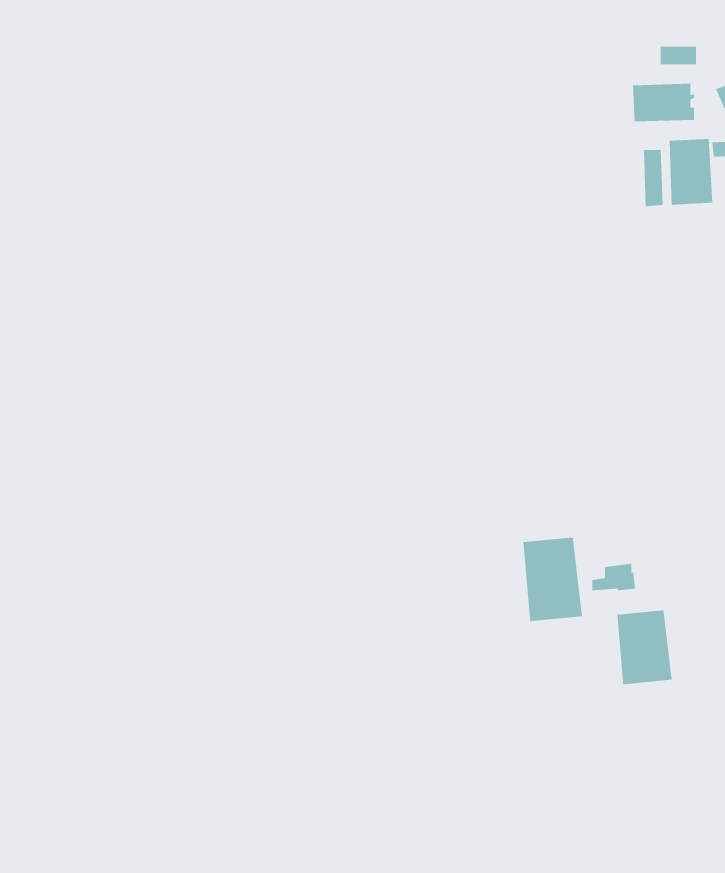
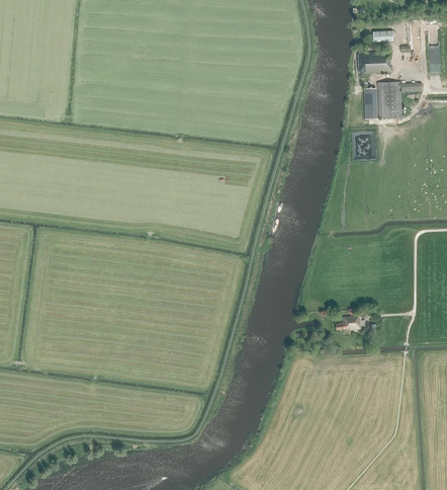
building: [523,537,582,622] -> none
building: [617,609,672,685] -> none

